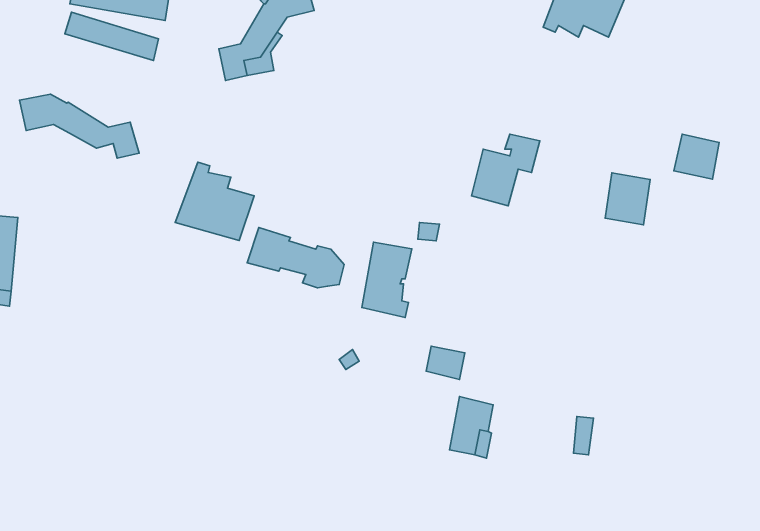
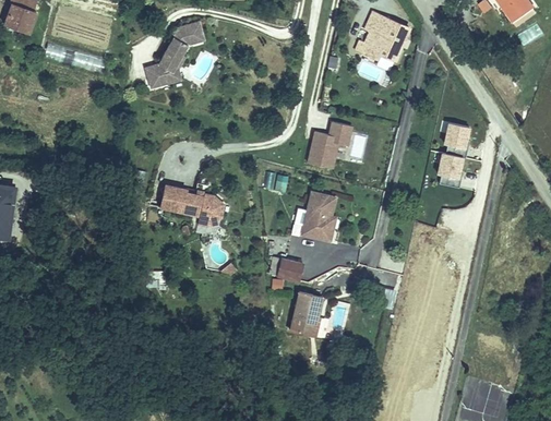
building: [20,94,139,158] -> none
building: [175,162,254,241] -> none
building: [605,173,650,225] -> [433,153,463,187]
building: [362,242,412,317] -> [303,192,336,241]

